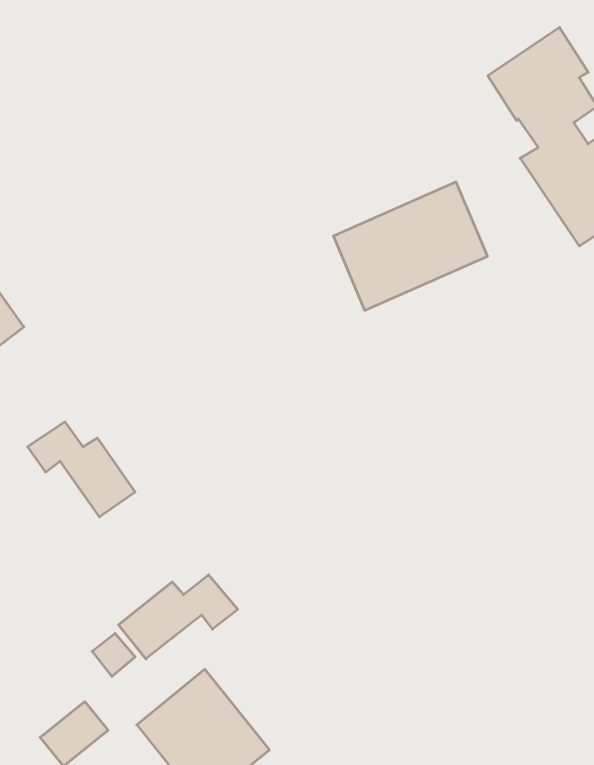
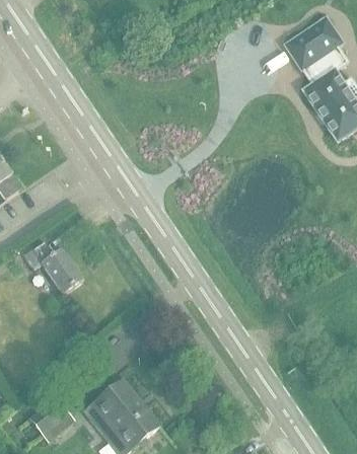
building: [333,182,487,310] -> none
building: [119,575,238,659] -> none

